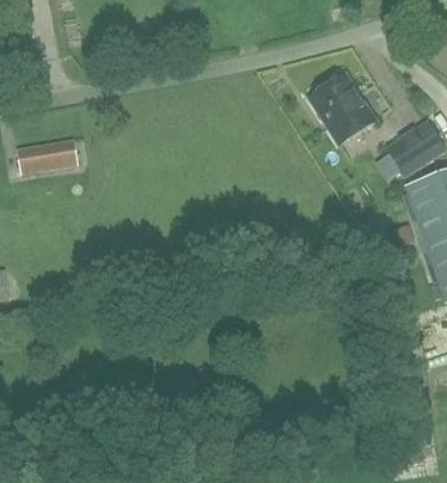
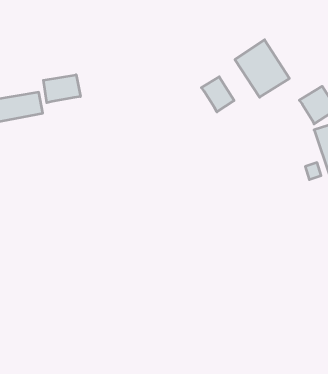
building: none -> [43,75,80,103]
building: none -> [201,77,234,112]

